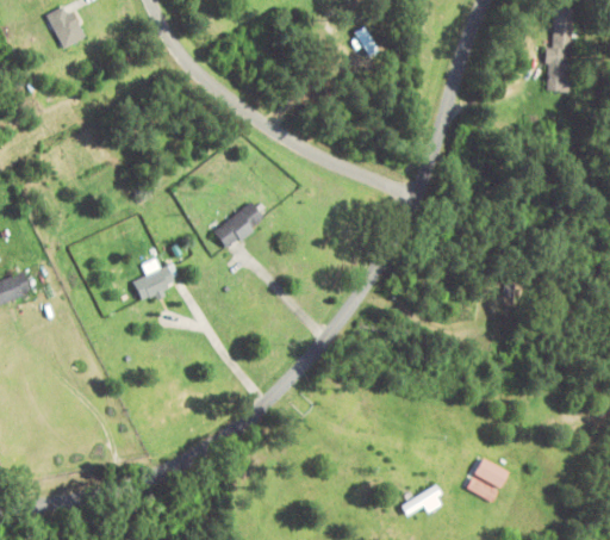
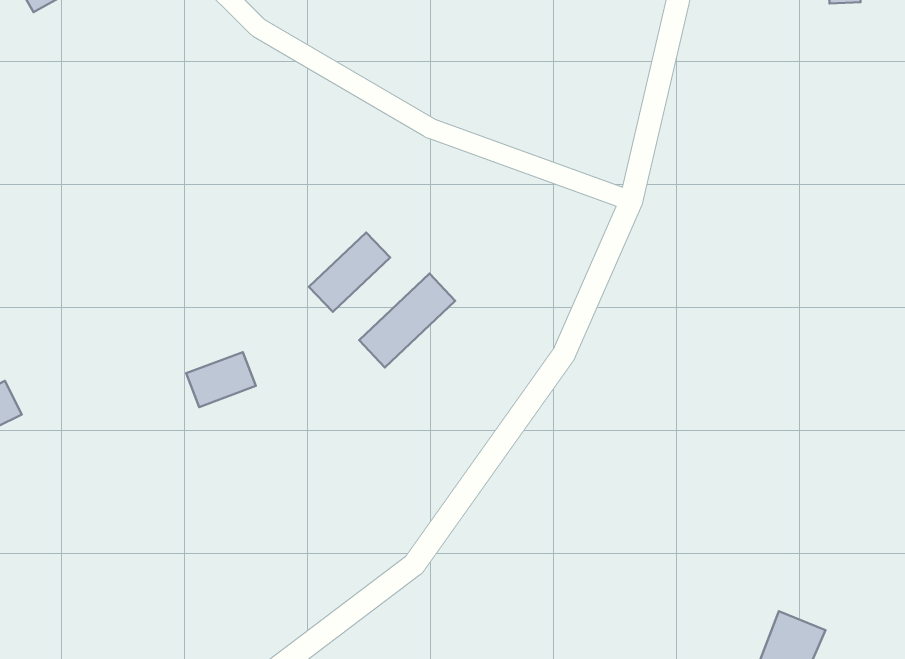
building: none -> [359,273,455,367]

